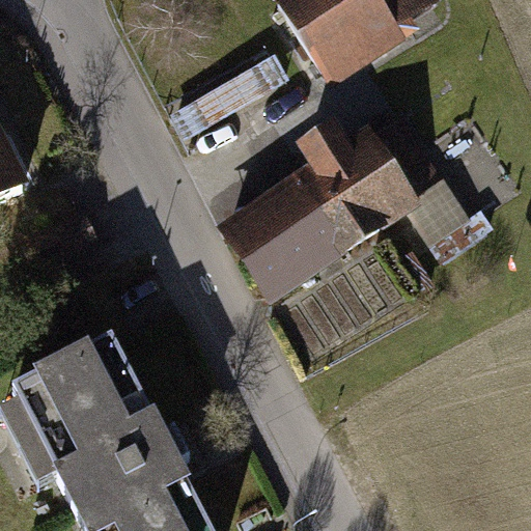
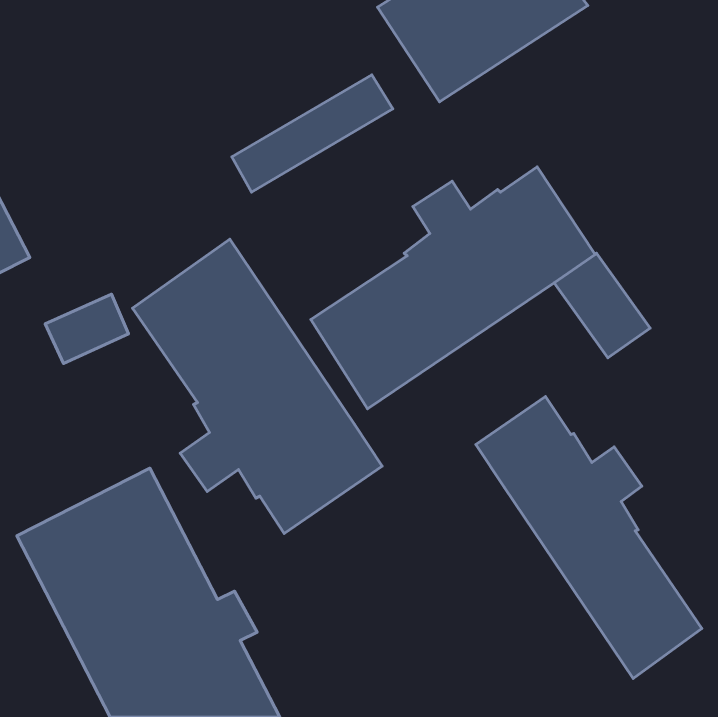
building: none -> [133,239,382,533]
building: none -> [476,396,702,678]

